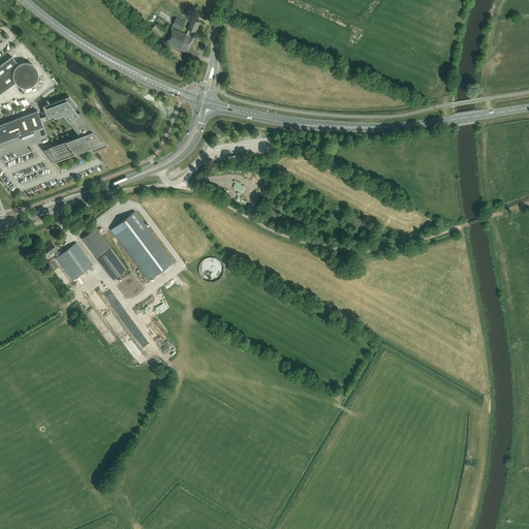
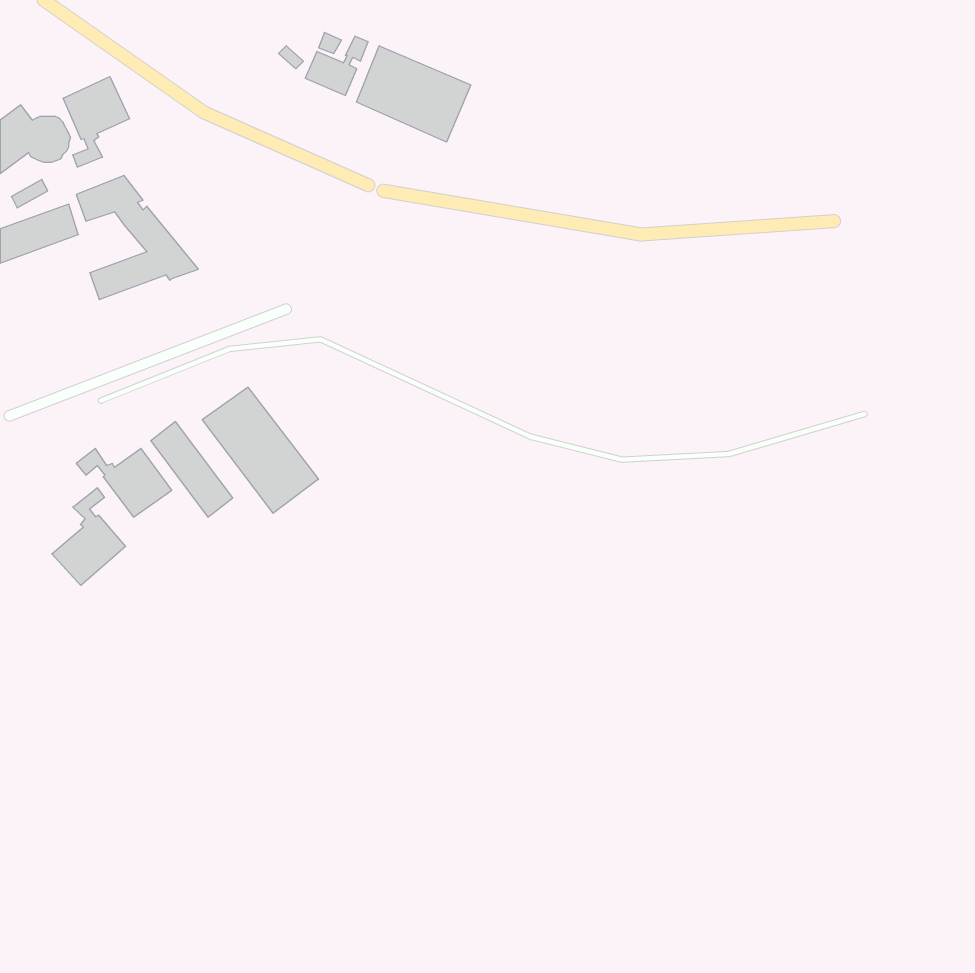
building: none -> [357,46,471,142]
building: none -> [63,77,129,167]
building: none -> [52,488,126,585]

